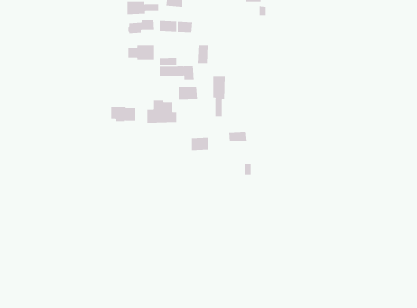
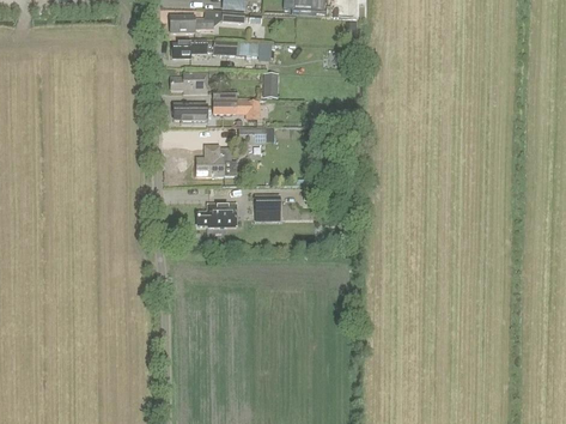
building: [213,75,226,117] -> none
building: [111,107,136,122] -> [172,104,206,125]
building: none -> [200,202,236,226]

